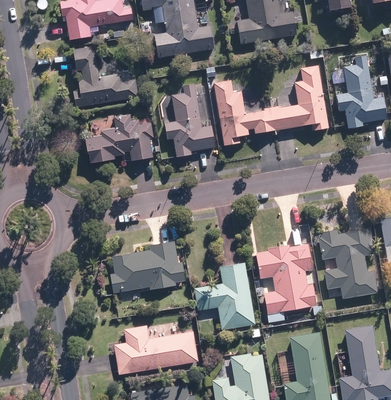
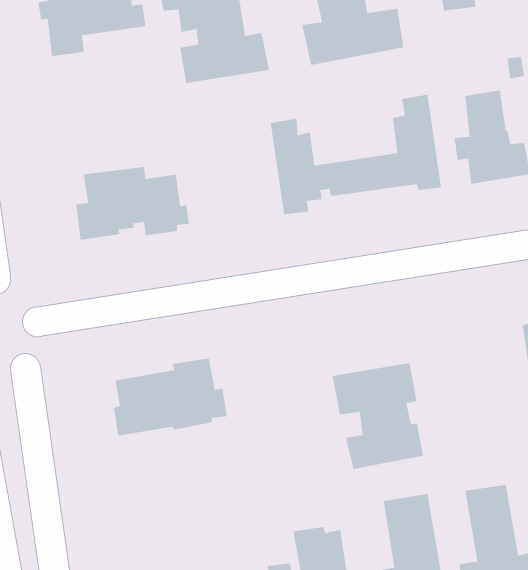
building: [72,45,140,108] -> none
building: [165,83,216,156] -> none
building: [319,228,378,297] -> none
building: [195,261,255,329] -> none
building: [115,324,199,373] -> none

